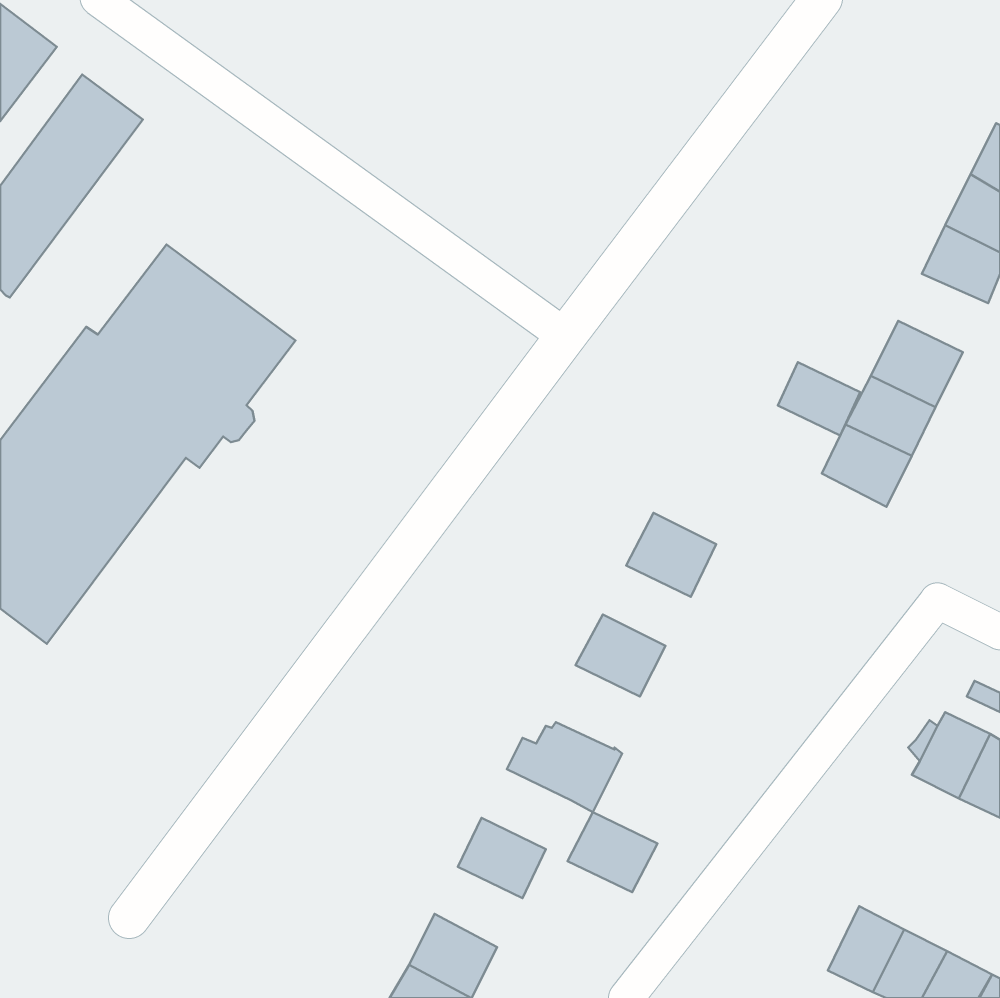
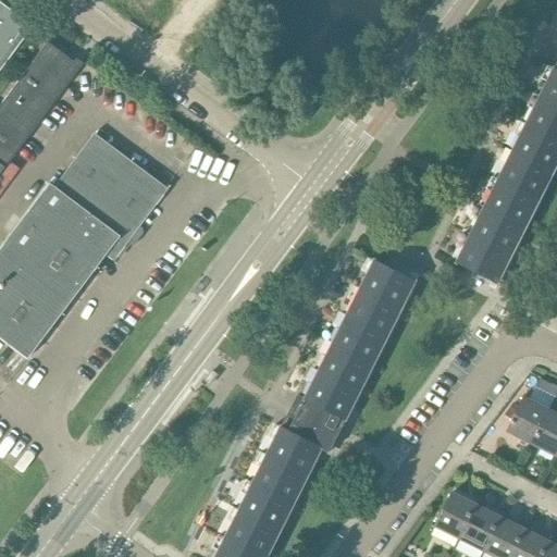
building: none -> [499,152,549,196]
building: [778,362,860,436] -> none
building: none -> [363,260,411,302]
building: none -> [335,314,384,359]
building: none -> [306,370,356,417]
building: [568,812,658,892] -> [268,428,318,472]
building: none -> [242,482,290,527]
building: none -> [435,492,478,540]

